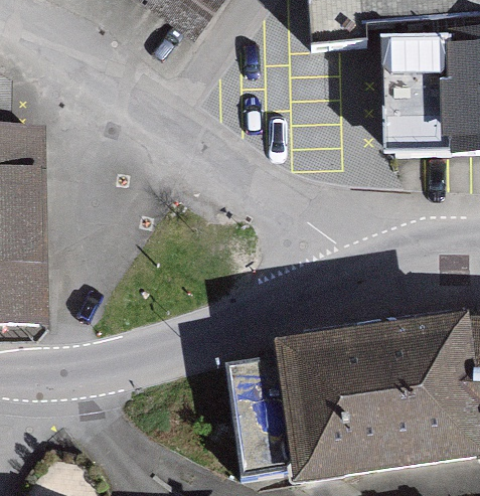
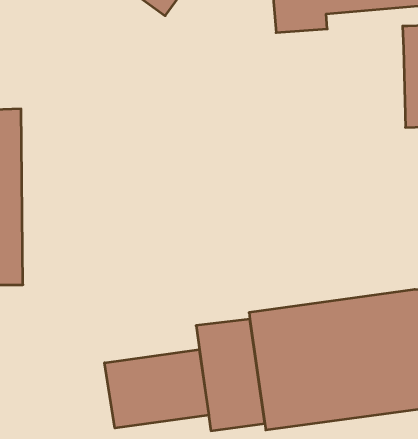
building: [392,26,452,143] -> none
building: none -> [105,349,209,428]

